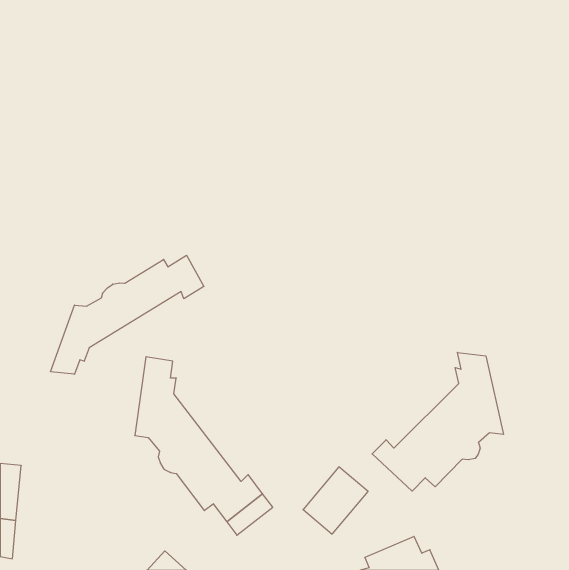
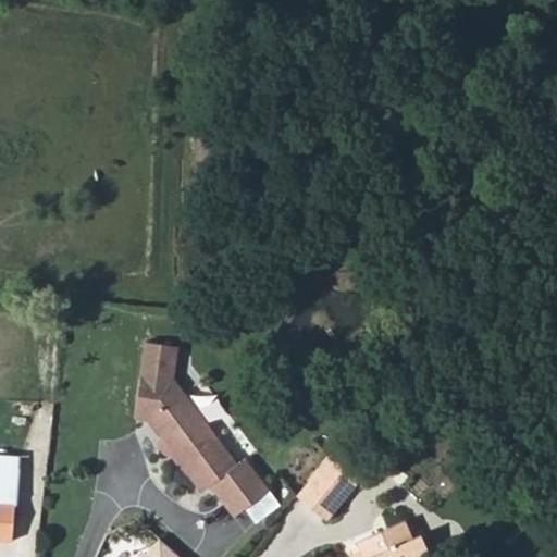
building: [51,255,204,374] -> none
building: [372,352,504,491] -> none

